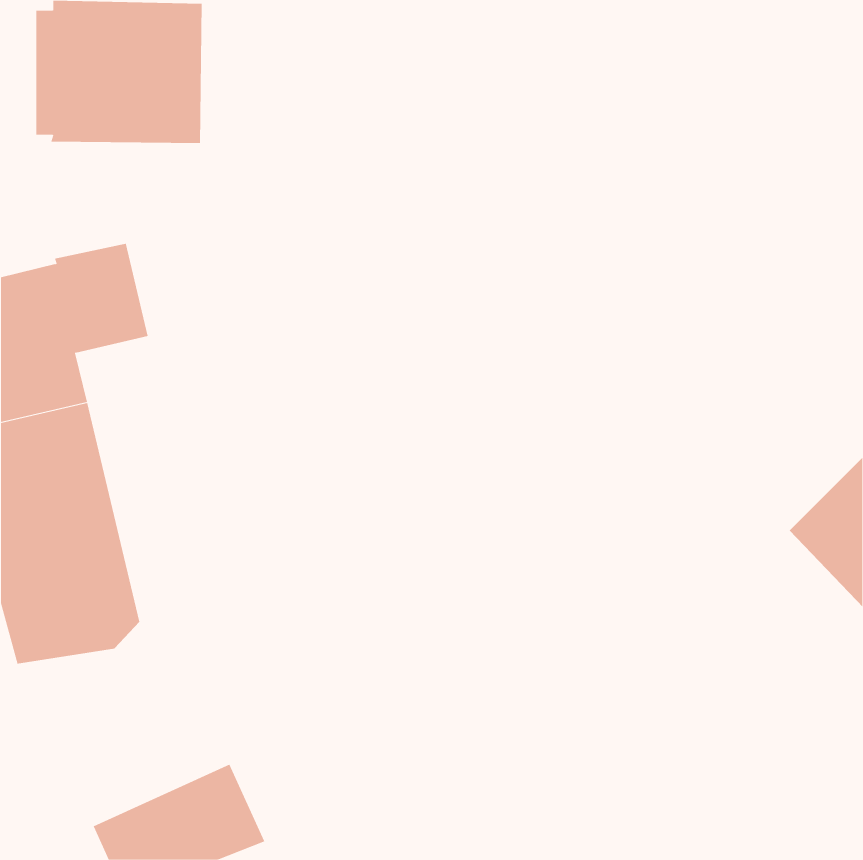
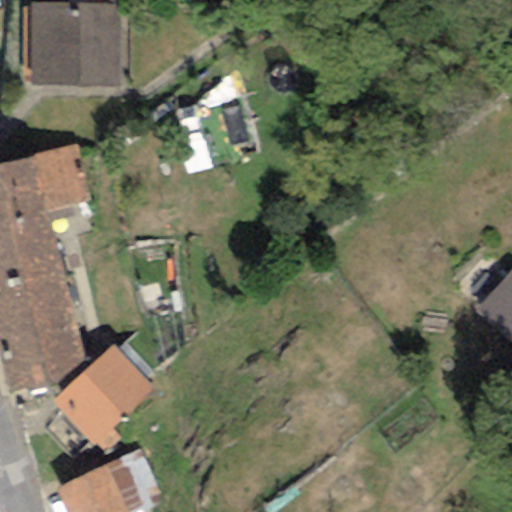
building: none -> [51,343,152,452]

